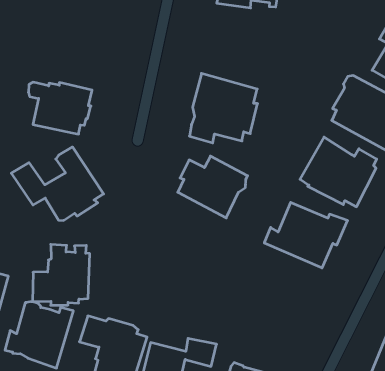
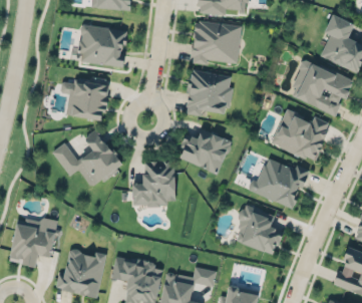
building: none -> [76,24,127,66]
building: none -> [190,20,242,64]
building: [32,244,90,305] -> [131,160,174,207]
building: none -> [236,204,283,254]

